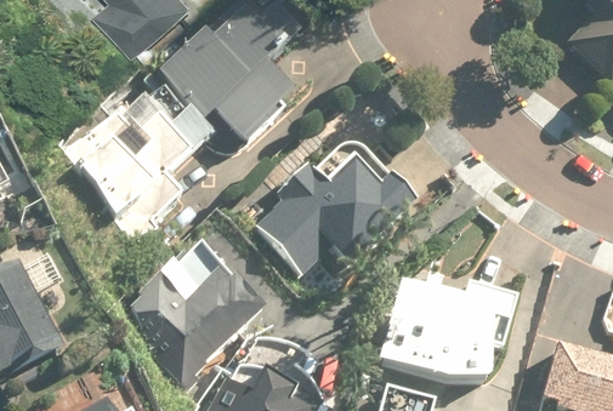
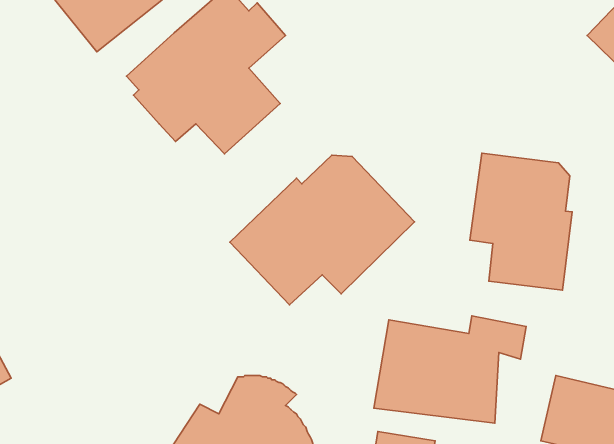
building: [62,62,210,236] -> none
building: none -> [470,153,572,290]
building: [123,261,263,386] -> none

